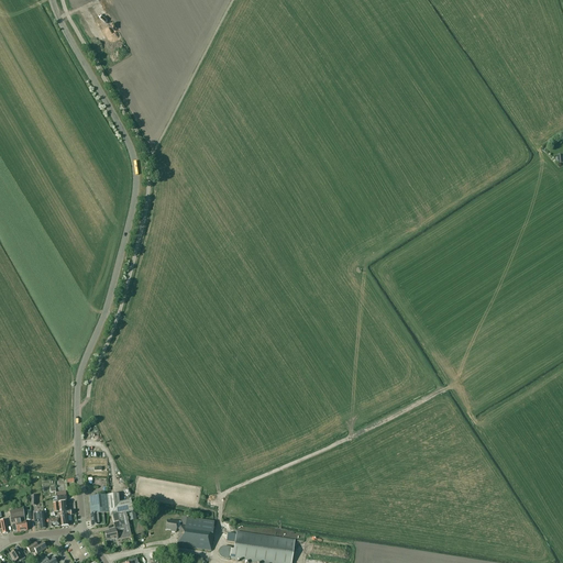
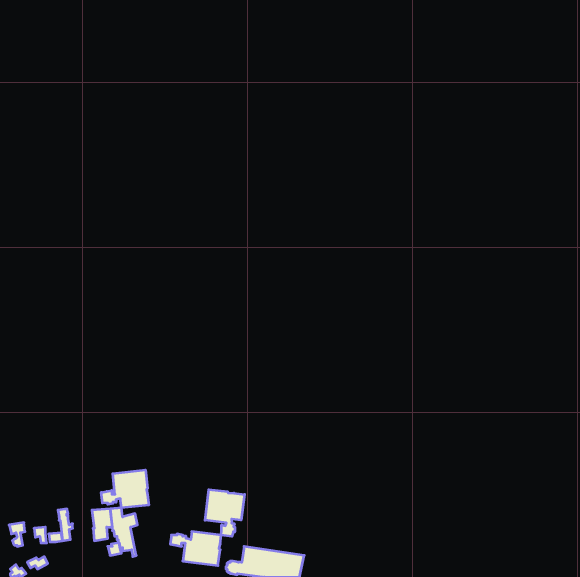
building: none -> [101,470,149,508]
building: none -> [205,490,245,536]

